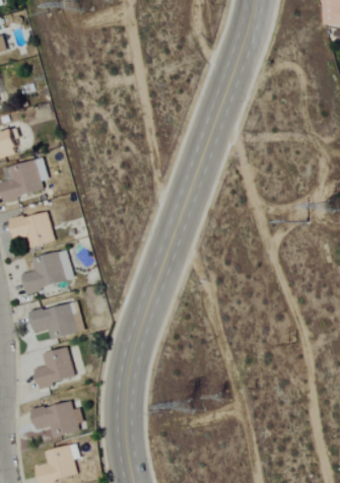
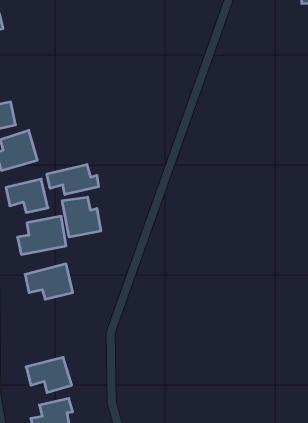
building: none -> [47,164,98,195]
building: none -> [62,197,101,237]
building: [32,347,75,388] -> none

